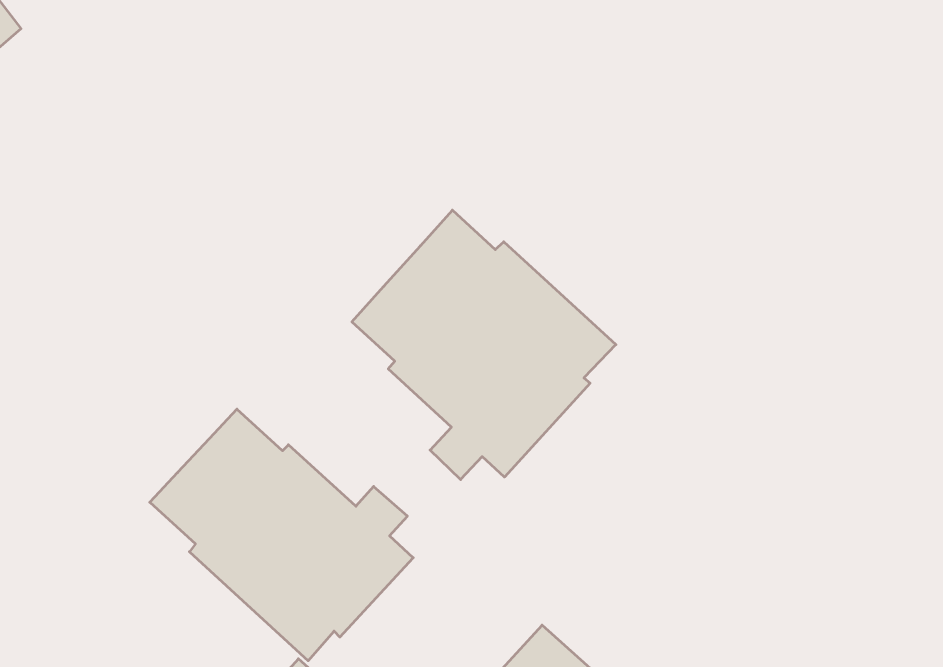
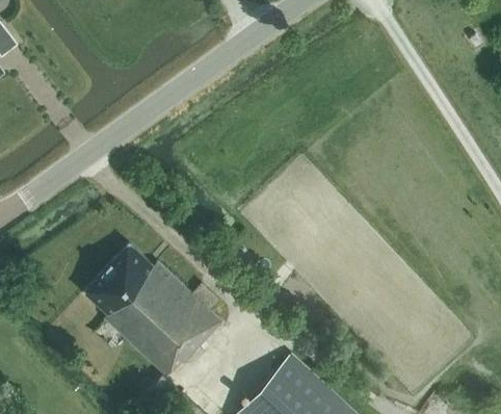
building: [352,210,616,480] -> none

